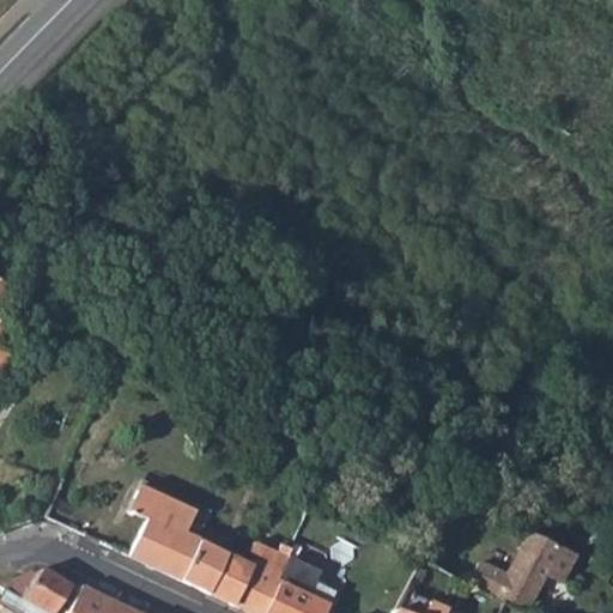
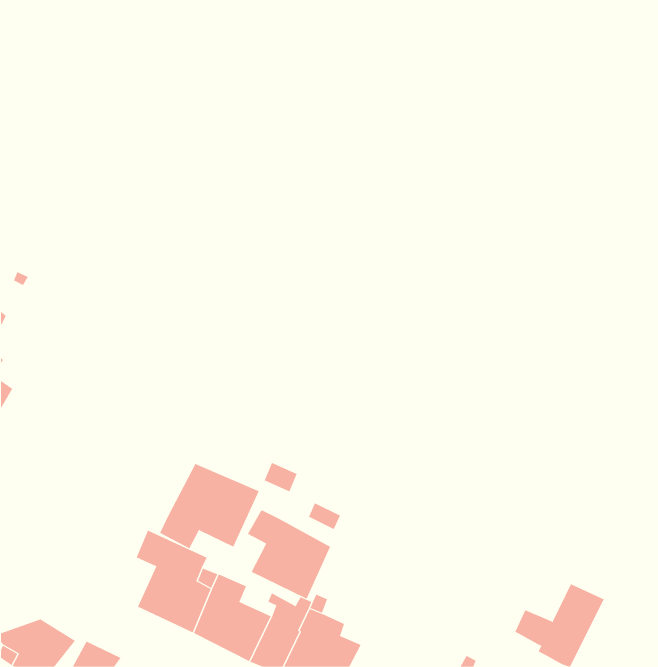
building: none -> [159,463,259,549]
building: none -> [247,509,331,599]

